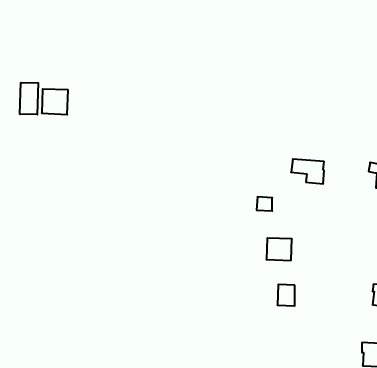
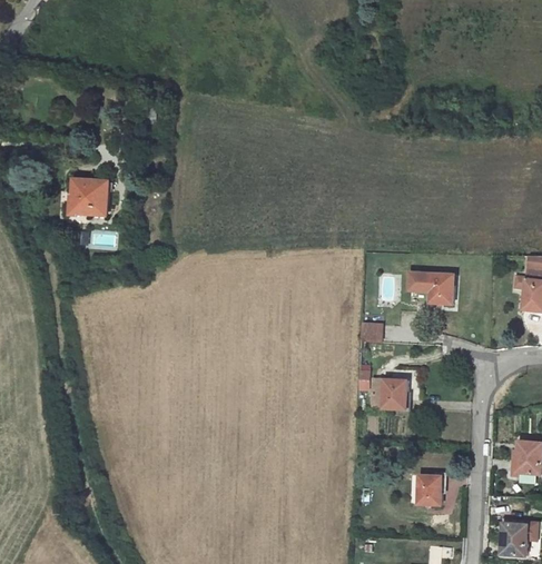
building: [20,83,38,115] -> none
building: [277,284,295,306] -> [420,473,443,502]

